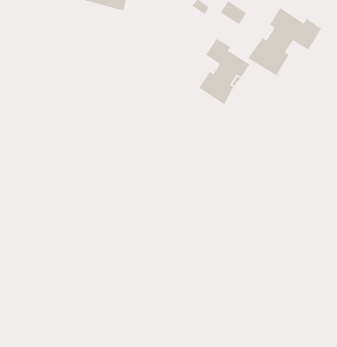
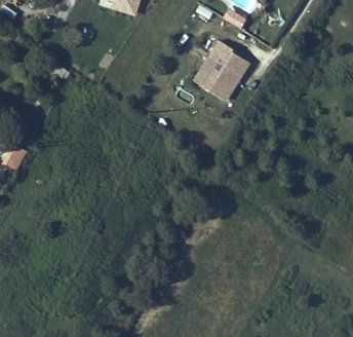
building: [247,7,322,76] -> none

